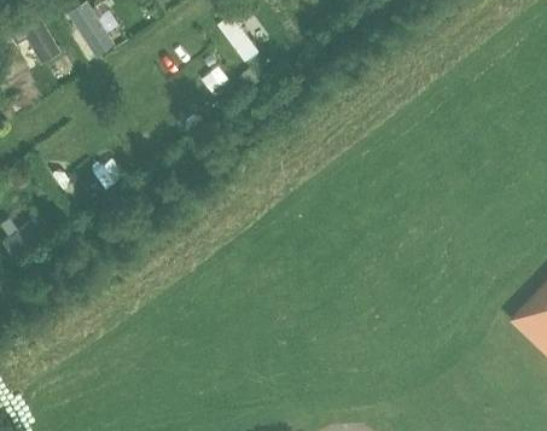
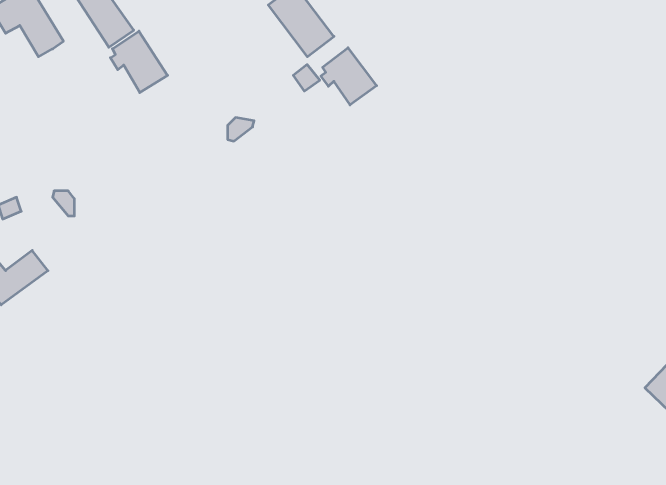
building: none -> [110,31,168,93]
building: none -> [321,48,377,105]

